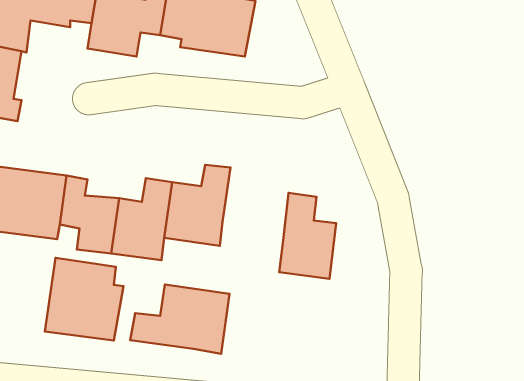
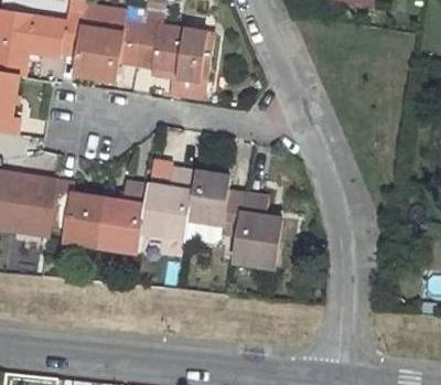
building: none -> [186,173,241,234]
building: [45,258,123,340] -> none
building: [130,284,230,354] -> none

